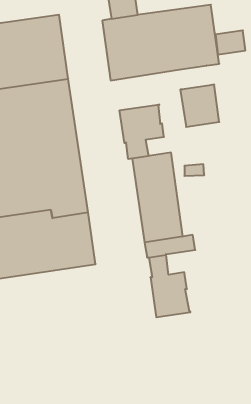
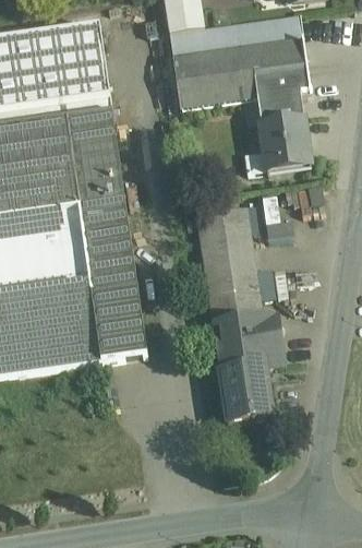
building: [215,30,245,55] -> [257,90,297,121]
building: [120,104,164,159] -> none
building: none -> [240,332,282,365]

